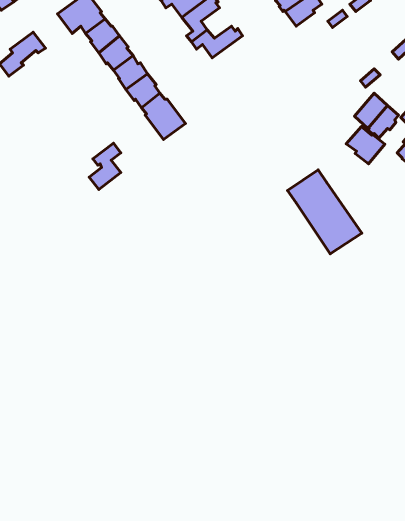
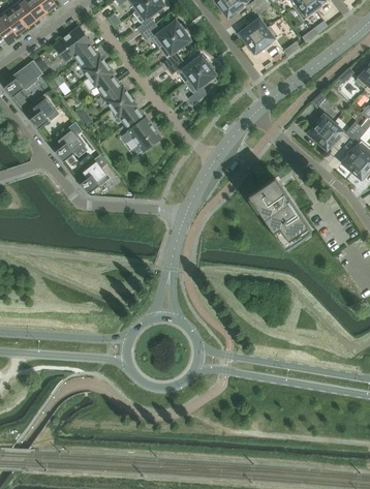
building: none -> [189,63,217,103]
building: none -> [30,94,57,129]
building: none -> [55,121,83,161]
building: [346,126,385,164] -> none

